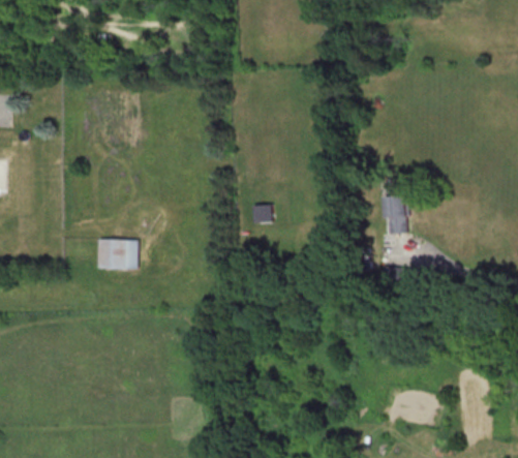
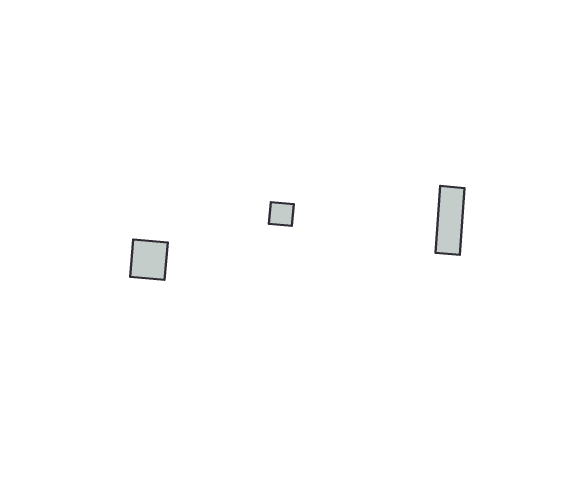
building: [98,239,126,269] -> [130,239,168,280]

